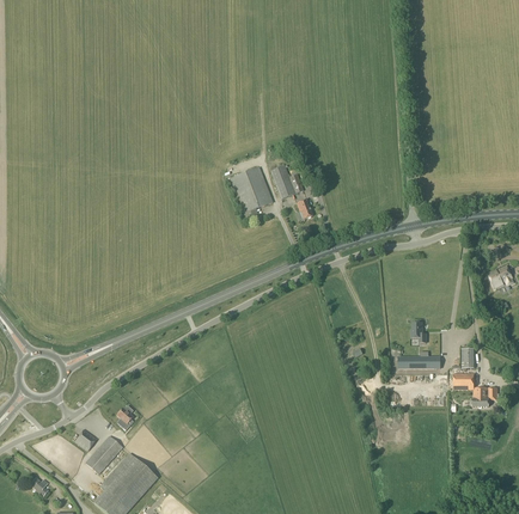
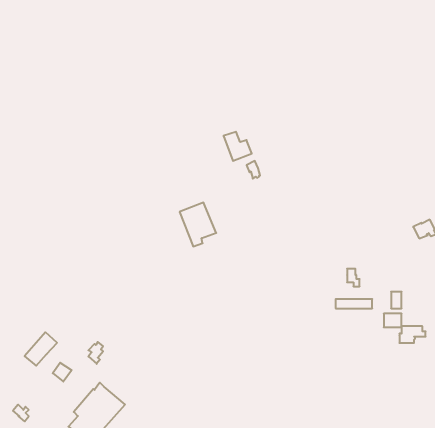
building: [231,167,273,218] -> [180,203,216,246]
building: [85,435,122,473] -> [25,332,57,366]

